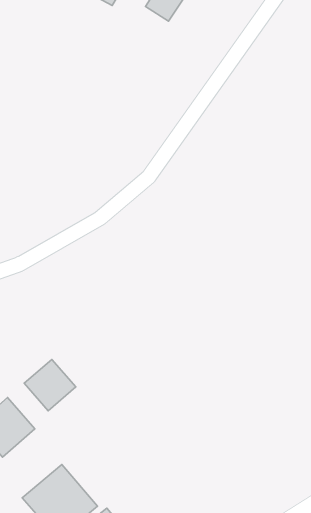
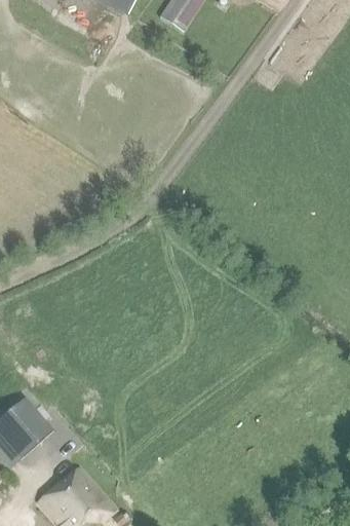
building: [24,359,76,411] -> none

